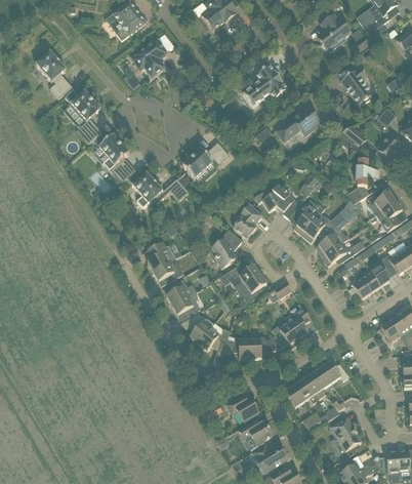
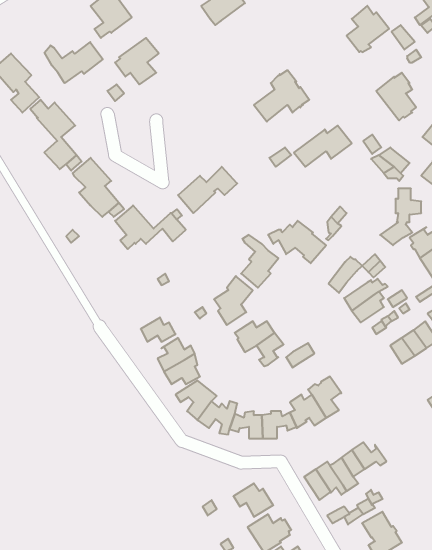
building: none -> [45,42,103,83]
building: [293,200,318,235] -> none
building: [146,241,175,271] -> none

